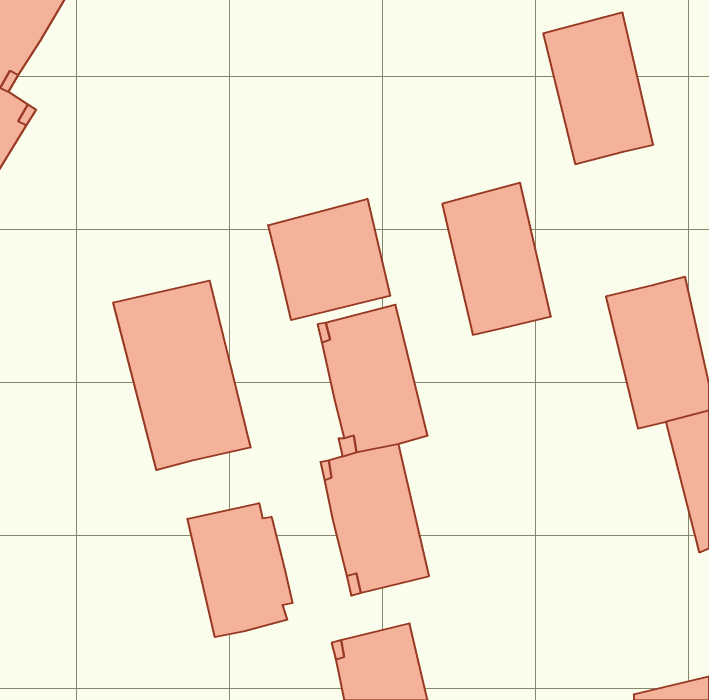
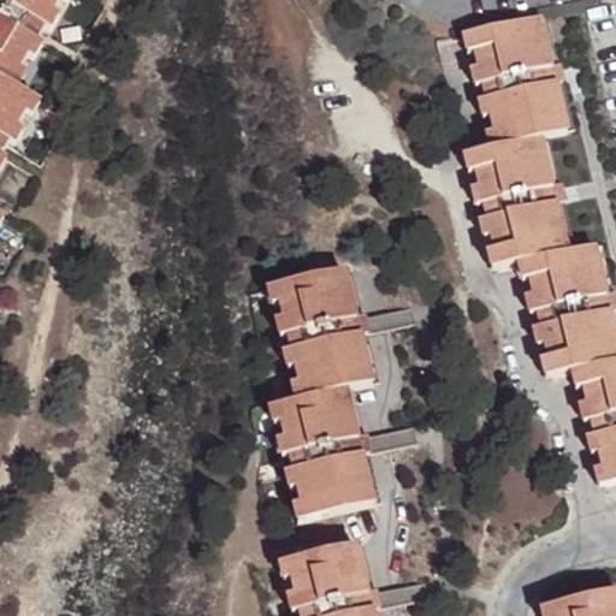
building: [442,183,551,335] -> [470,131,564,262]
building: [268,199,390,320] -> none
building: [113,281,251,470] -> none
building: [187,503,293,637] -> none

